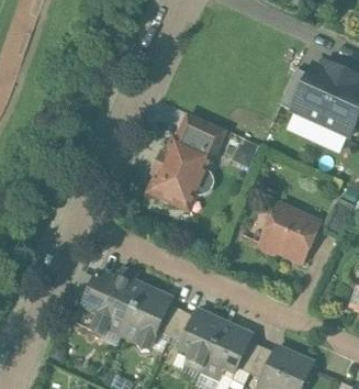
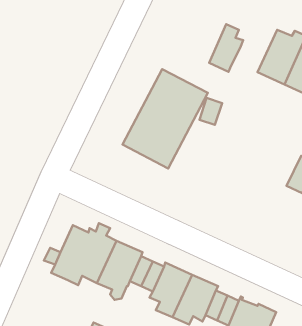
building: none -> [209,24,243,72]
building: [260,204,319,262] -> none

